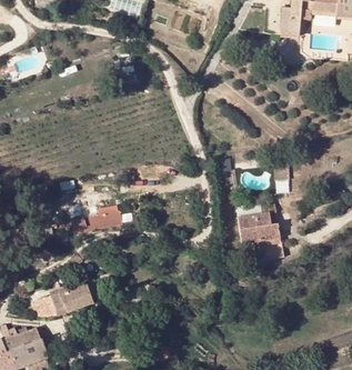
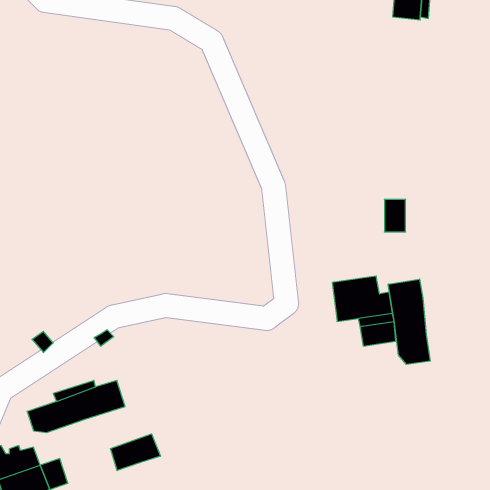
building: [71,206,120,233] -> none
building: none -> [388,279,430,364]
building: none -> [110,434,160,471]

